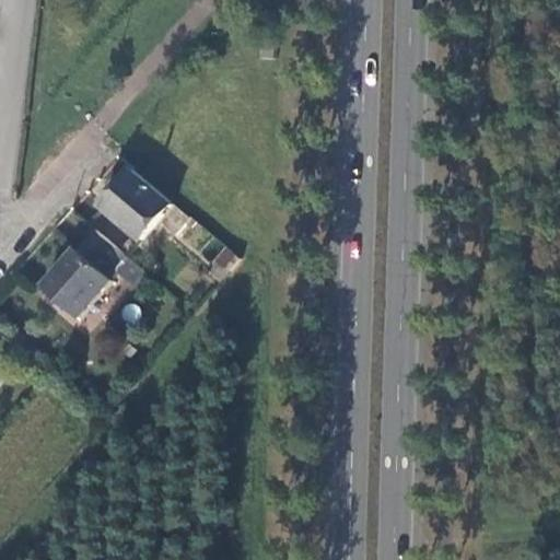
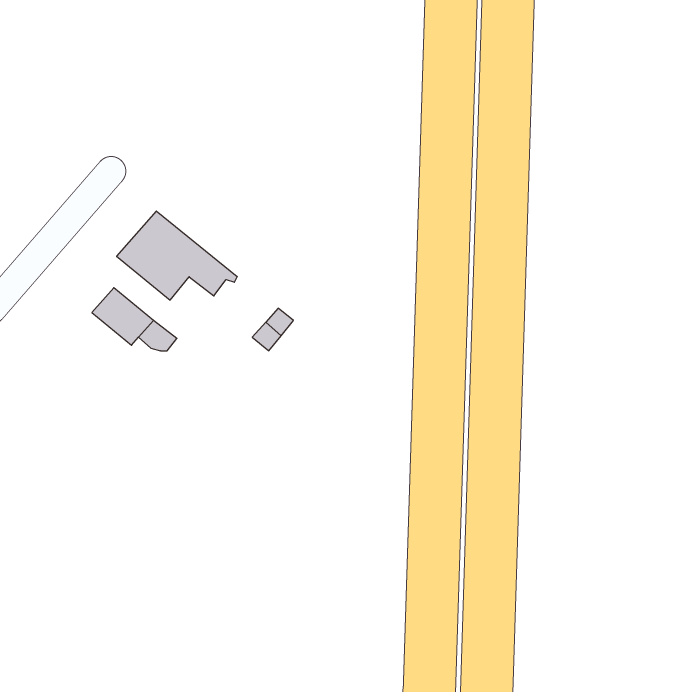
building: [37,246,108,315] -> none

